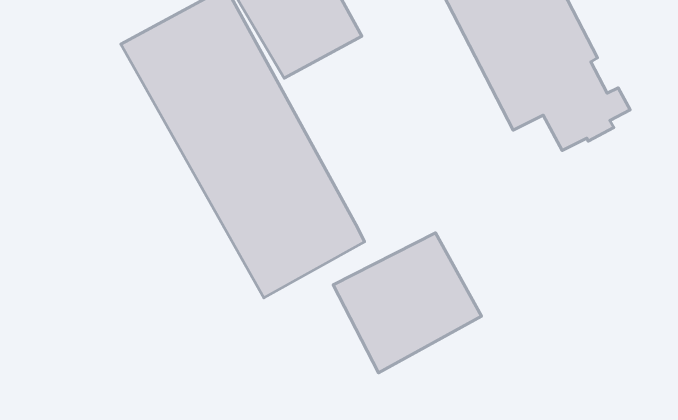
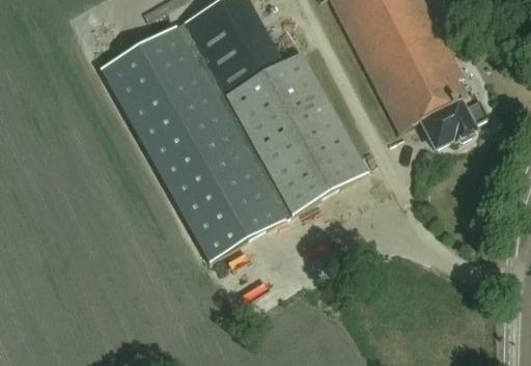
building: none -> [224,52,367,214]
building: [333,233,482,373] -> none

